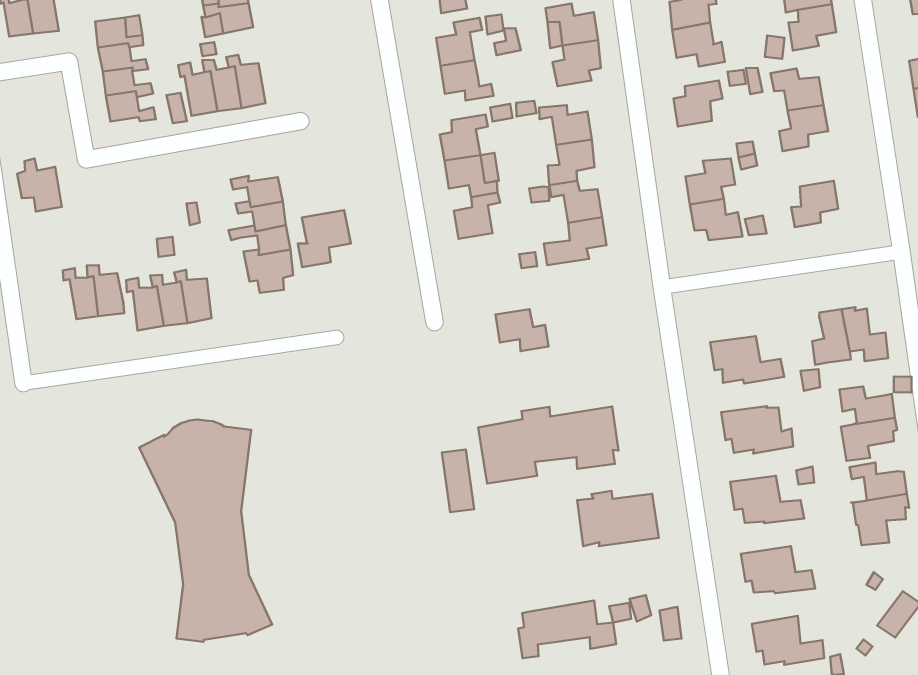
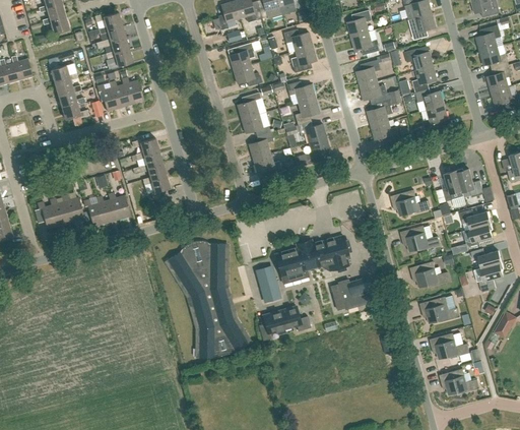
building: none -> [360,81,389,103]
building: none -> [415,88,444,110]
building: [17,158,62,211] -> [35,201,60,229]
building: [298,210,351,267] -> none
building: [496,309,548,351] -> [253,153,282,176]
building: [139,419,272,642] -> [168,242,248,357]
building: [518,600,616,658] -> [259,306,311,341]

